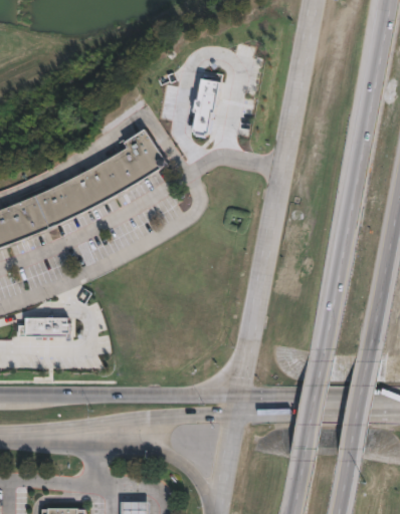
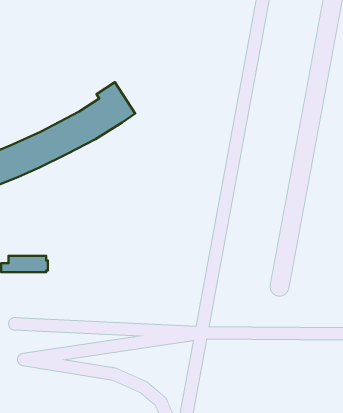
building: [190,77,219,136] -> none

